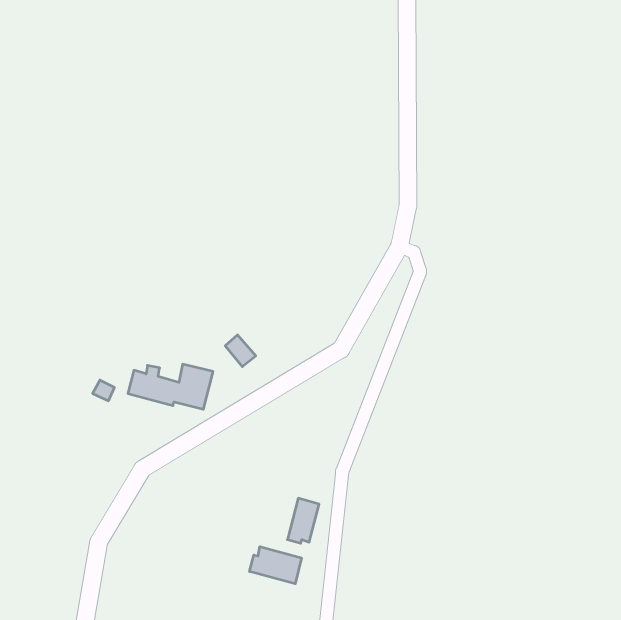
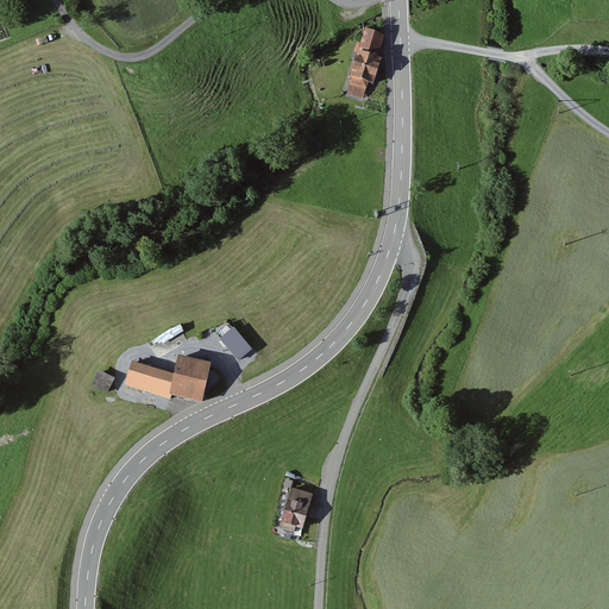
building: none -> [347,31,384,99]
building: [250,547,301,584] -> none

